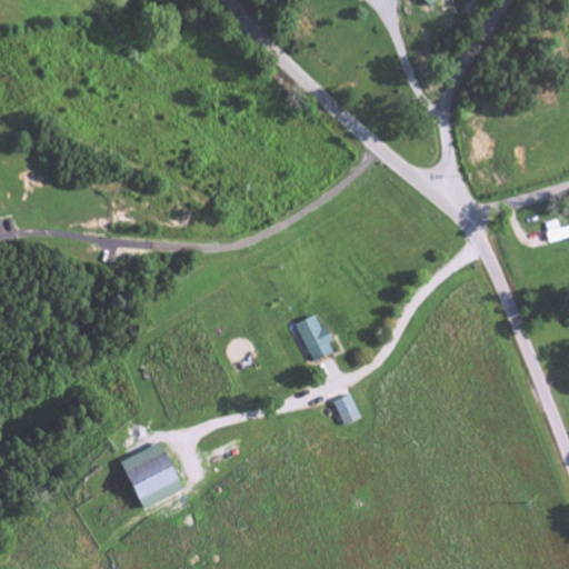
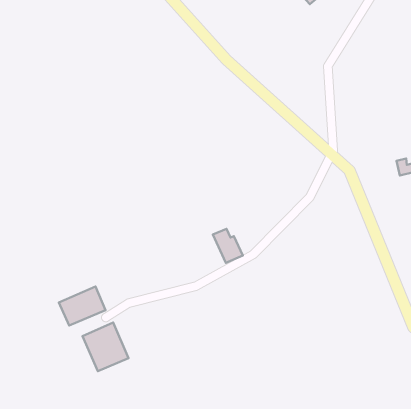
building: [336,393,360,423] -> none
building: none -> [59,287,105,326]

